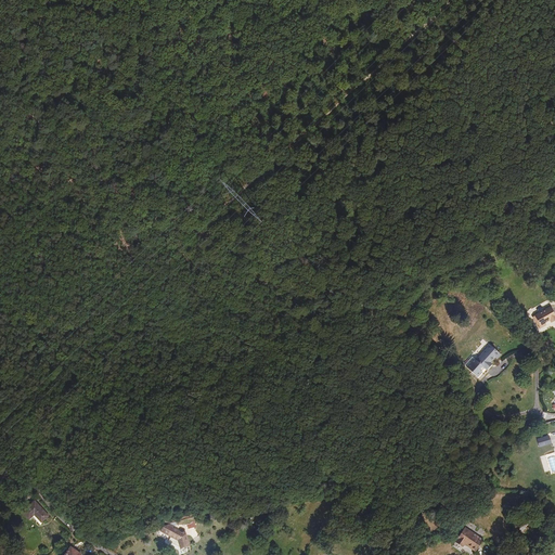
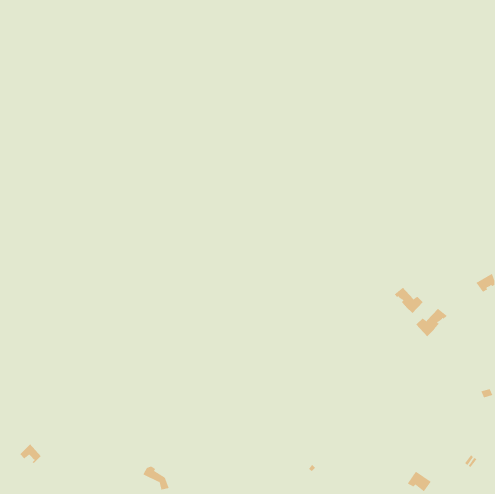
building: none -> [394,287,423,314]

